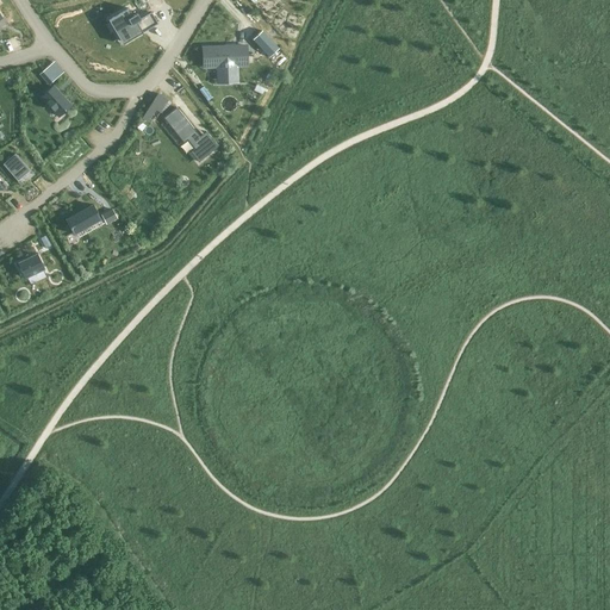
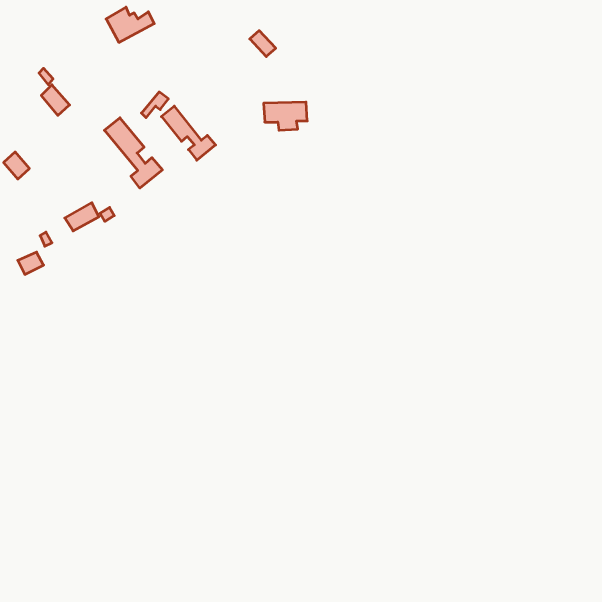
building: [203,46,247,75] -> [264,102,307,130]
building: none -> [104,118,162,188]

